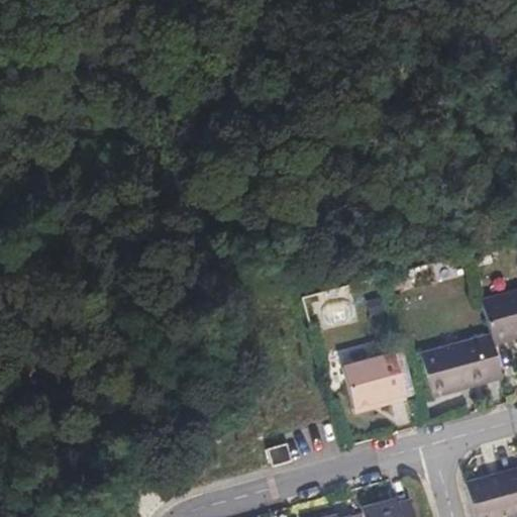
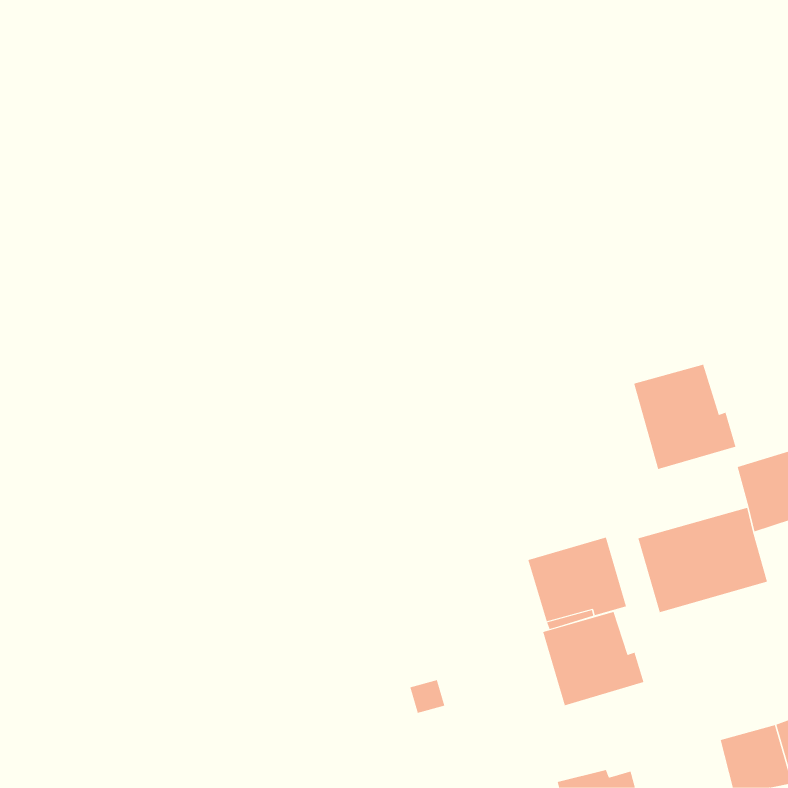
building: none -> [633,364,736,470]
building: none -> [543,611,644,706]

